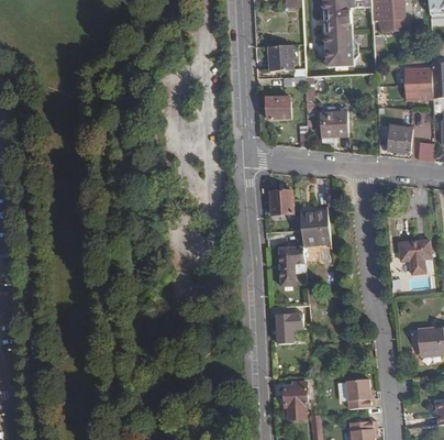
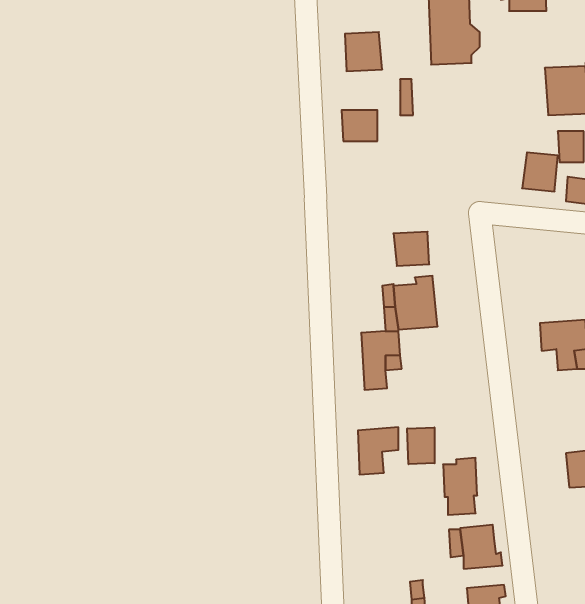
building: [320,110,347,136] -> none
building: [268,190,292,213] -> [393,232,429,266]
building: none -> [407,427,435,464]
building: [284,381,307,419] -> [443,458,477,515]

